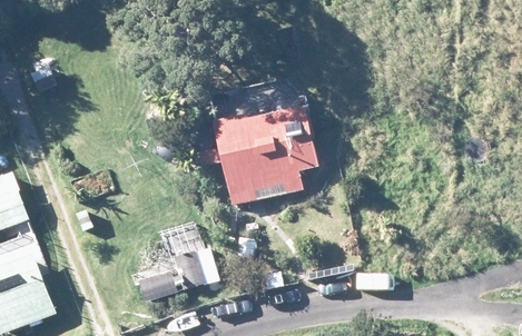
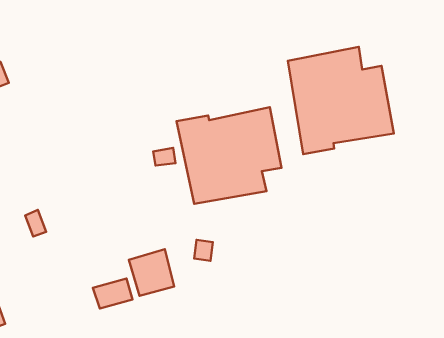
building: none -> [288,47,394,154]

